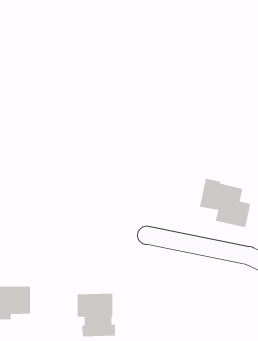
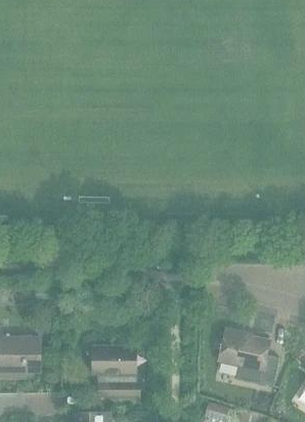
building: [199,178,251,228] -> [218,327,278,385]

